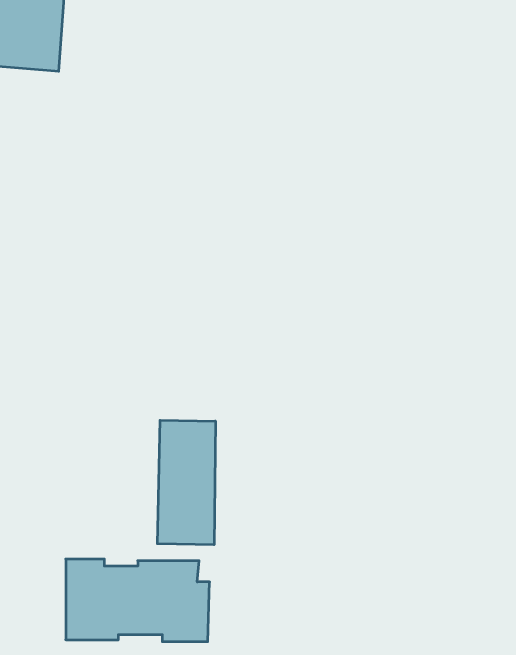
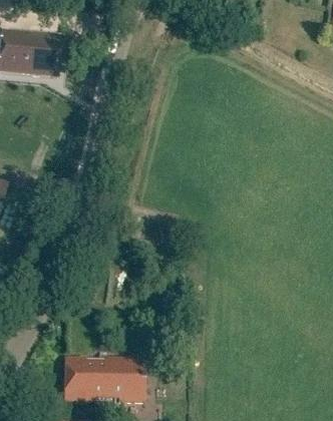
building: [157,420,215,545] -> none

